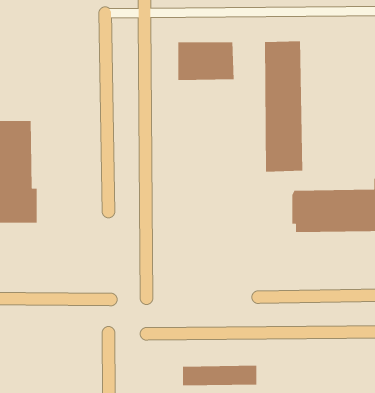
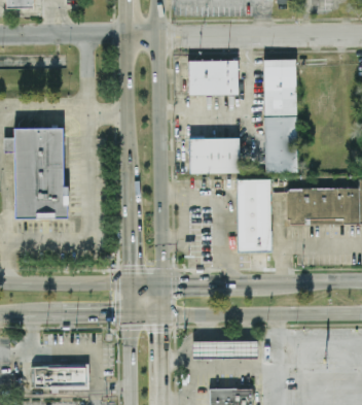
building: none -> [190,137,239,171]
building: none -> [239,177,270,250]

